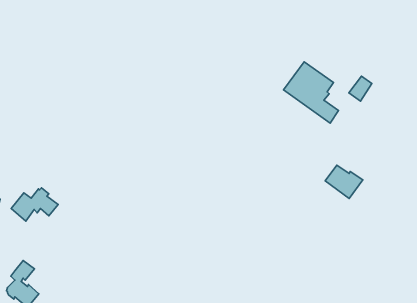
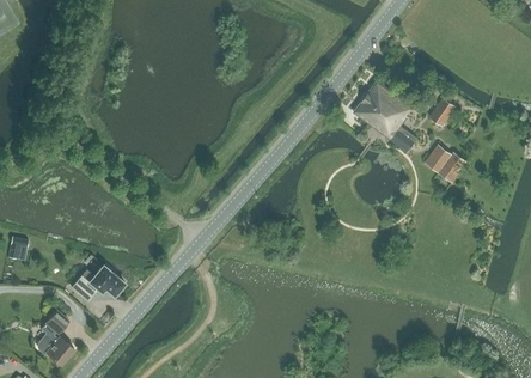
building: [325,165,363,199] -> [425,145,468,183]
building: [11,188,58,221] -> [72,263,126,301]

